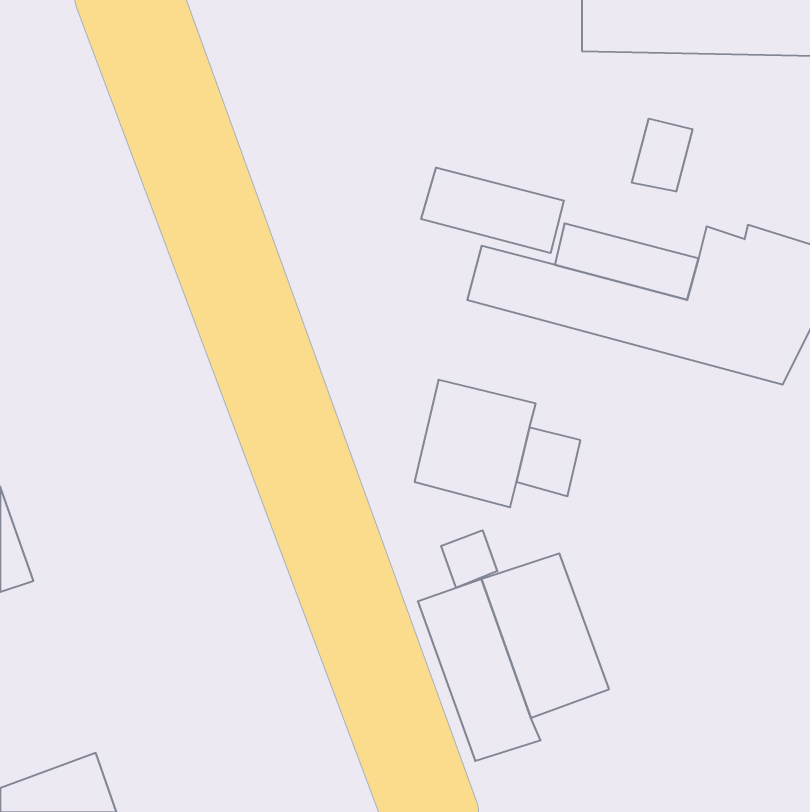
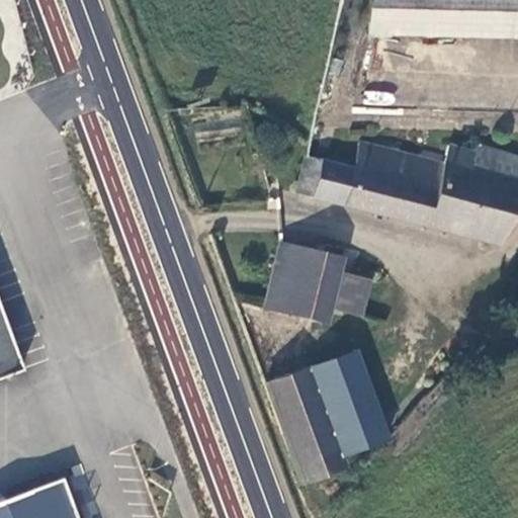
building: [632,119,692,192] -> none
building: [421,168,564,253] -> none
building: [441,530,497,588] -> none

